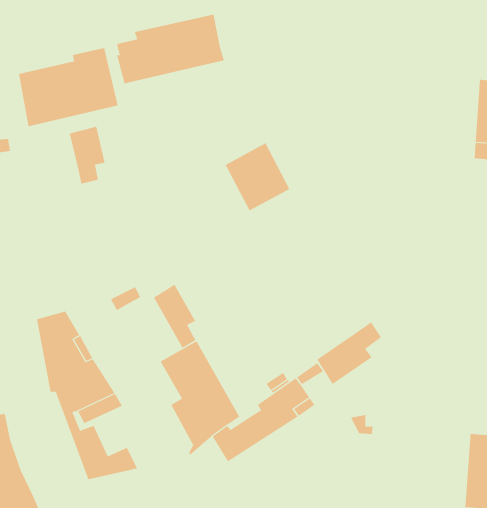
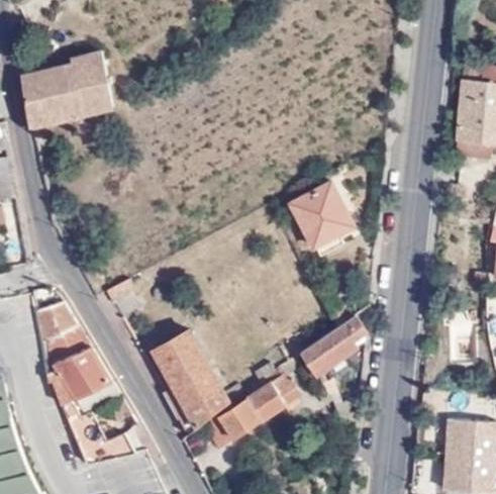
building: [117,14,225,84] -> none
building: [69,126,105,185] -> none
building: [225,143,290,211] -> [292,182,355,248]
building: [153,284,196,349] -> none

